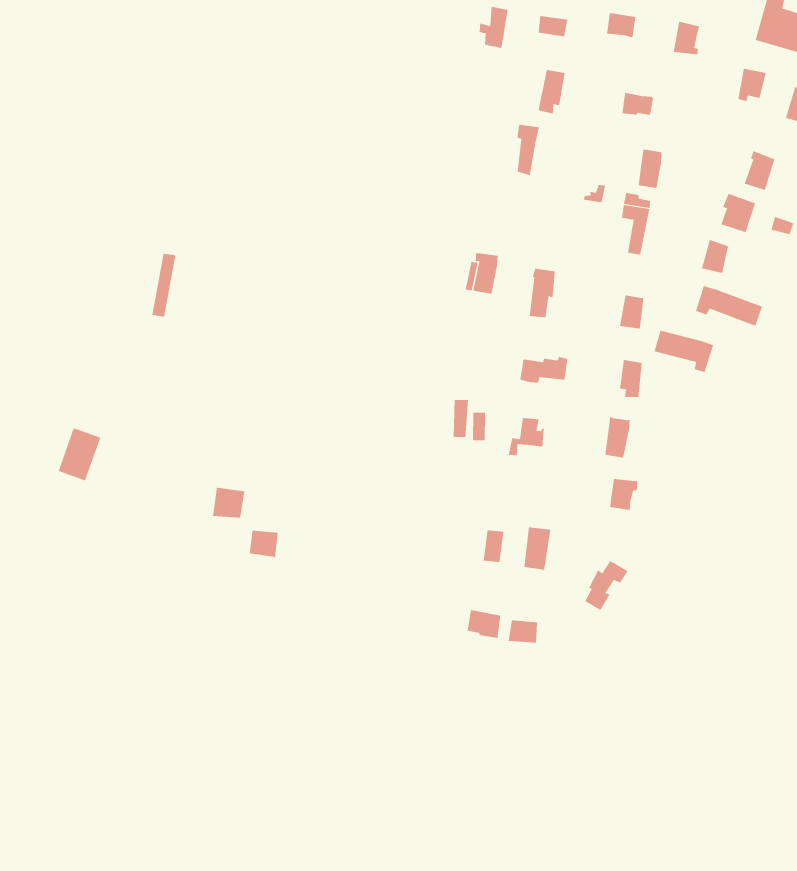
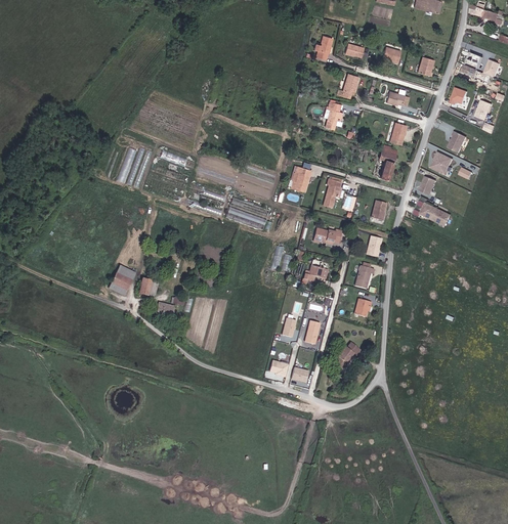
building: [654,330,714,373] -> none
building: [58,428,101,481] -> [109,265,134,295]

